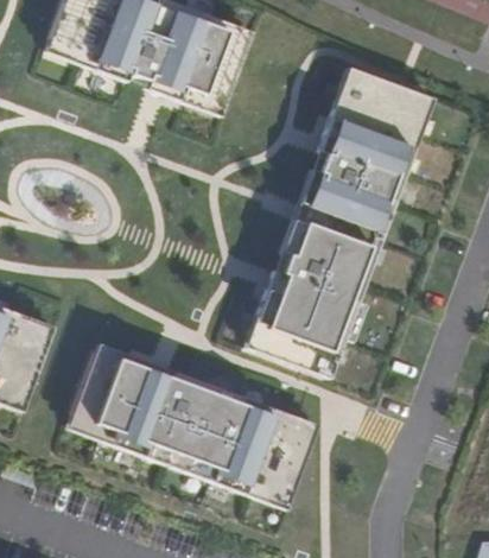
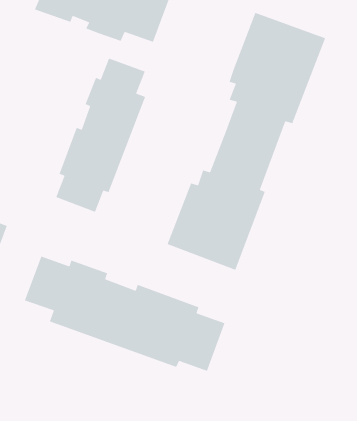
building: none -> [55,57,146,213]

